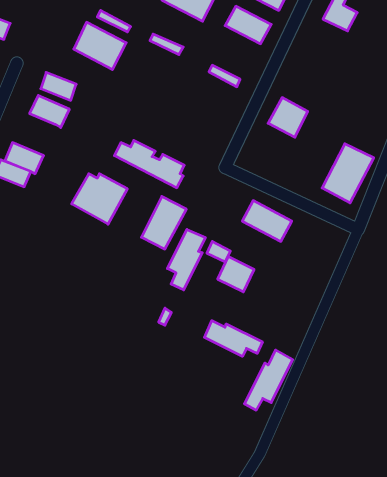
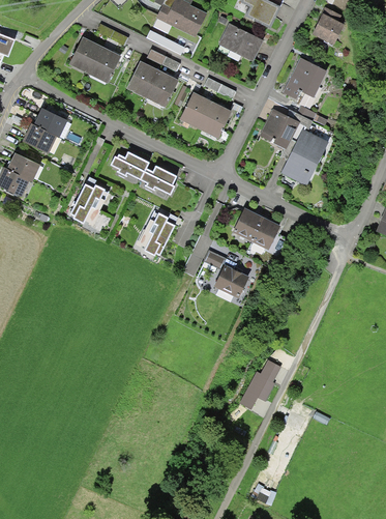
building: none -> [281,58,326,97]
building: none -> [126,60,179,108]
building: [41,72,76,100] -> [21,124,55,151]
building: none -> [182,91,237,138]
building: [322,144,374,203] -> [279,129,329,186]
building: [167,229,205,290] -> none
building: [204,321,262,356] -> none

